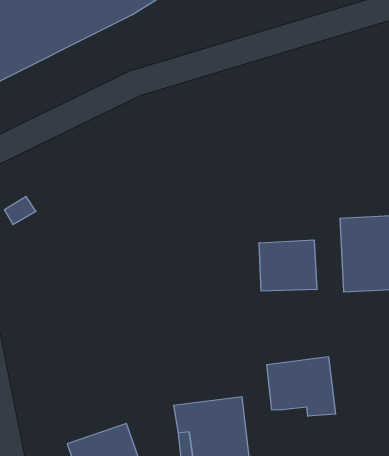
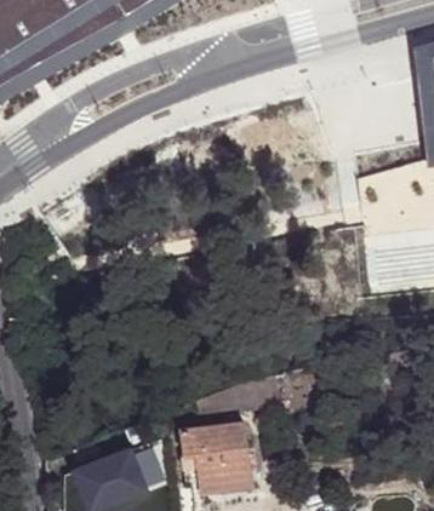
building: [259,240,317,291] -> none
building: [267,357,336,416] -> none

